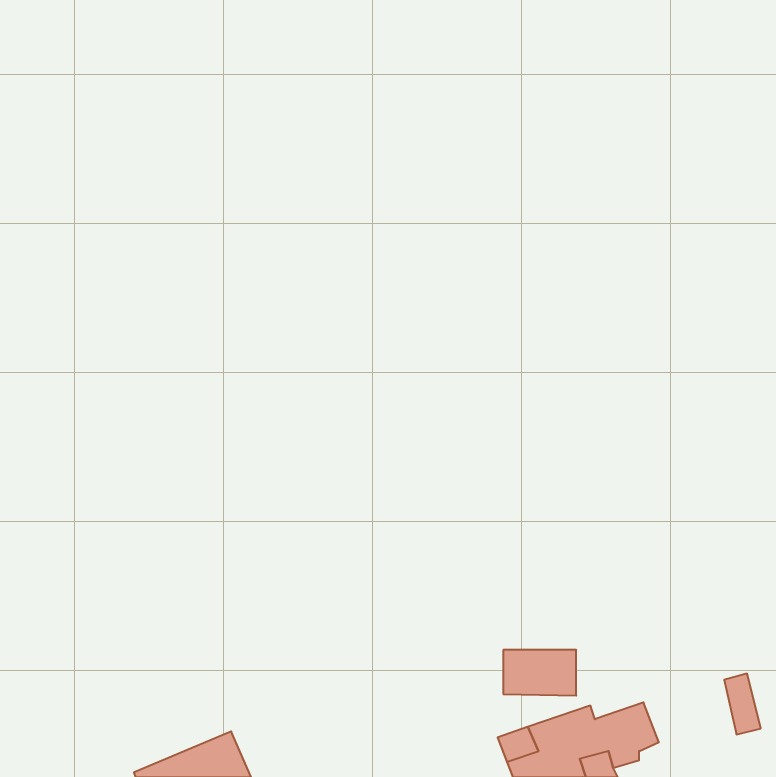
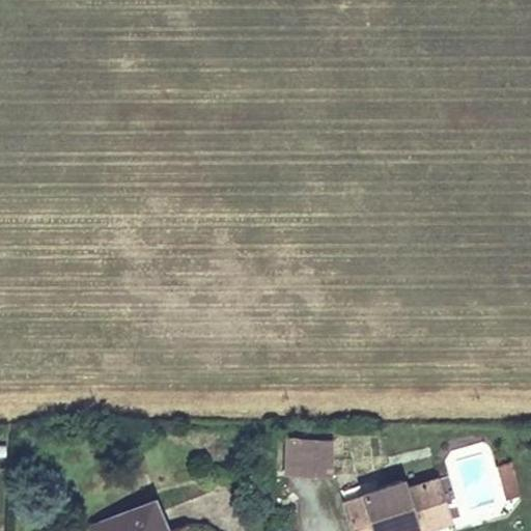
building: [503,650,576,696] -> [285,442,335,473]

